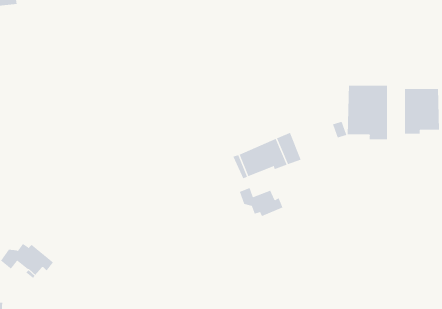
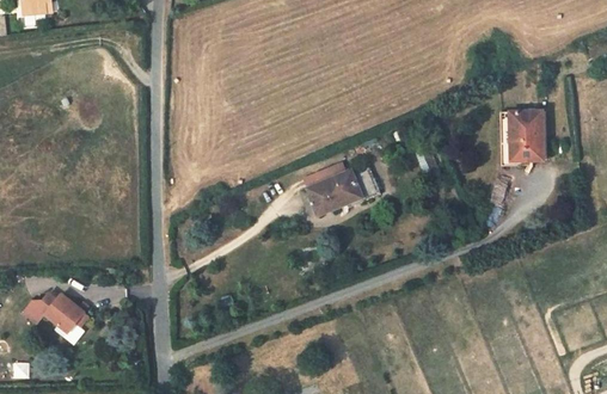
building: [347,85,388,140] -> none
building: [239,187,283,217] -> none

